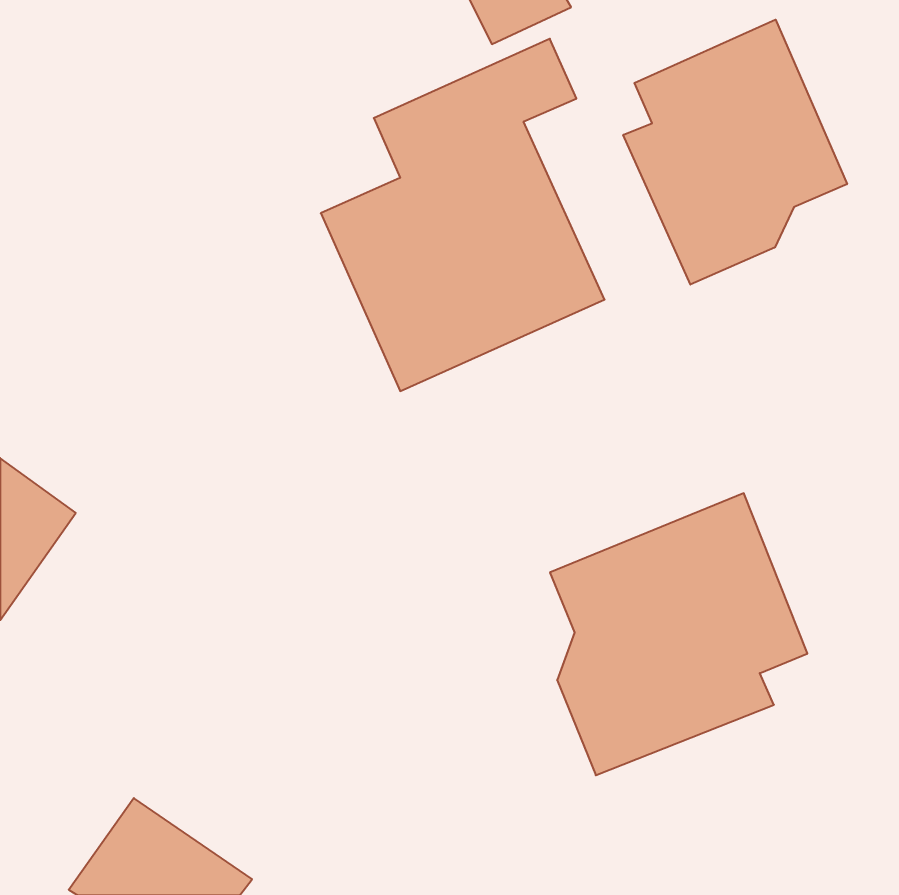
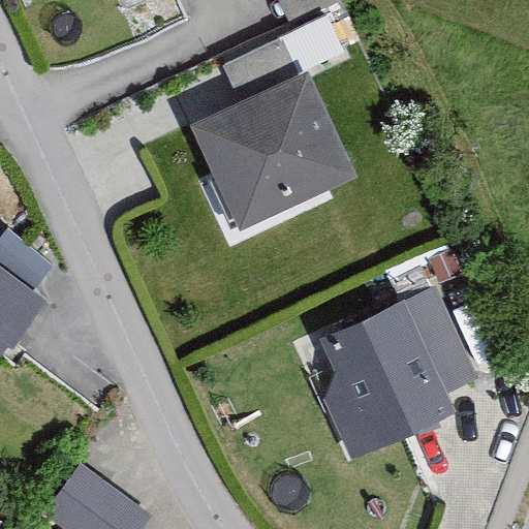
building: [623,20,847,285] -> none

